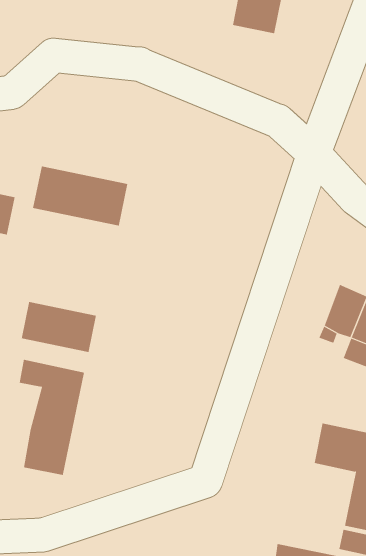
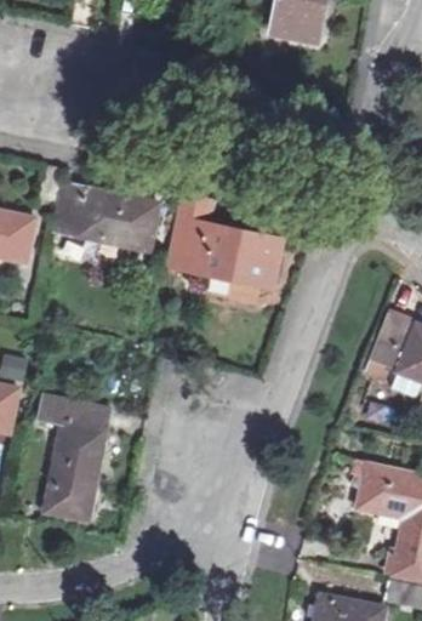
building: none -> [167,195,279,286]
building: [21,301,97,353] -> none

